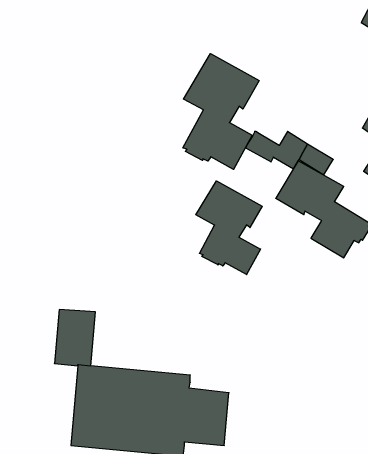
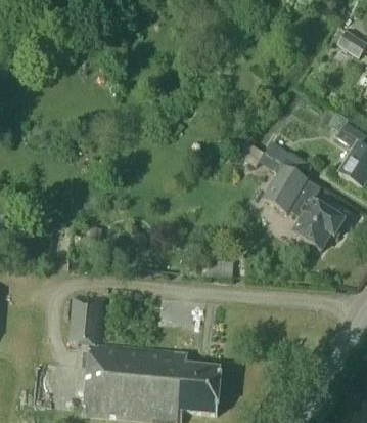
building: [183,54,259,169] -> none
building: [196,181,262,275] -> none

